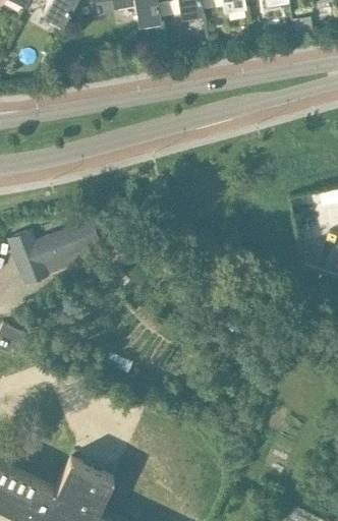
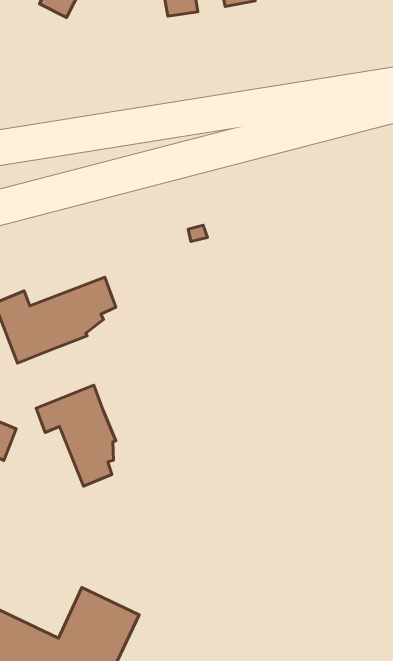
building: none -> [36,385,116,486]

